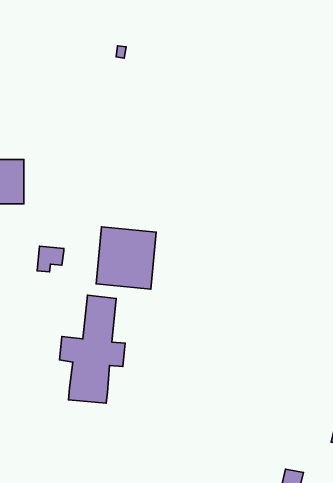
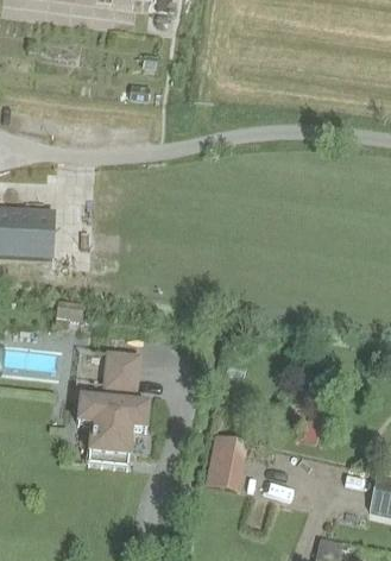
building: [96,227,156,289] -> none
building: none -> [206,433,248,490]

